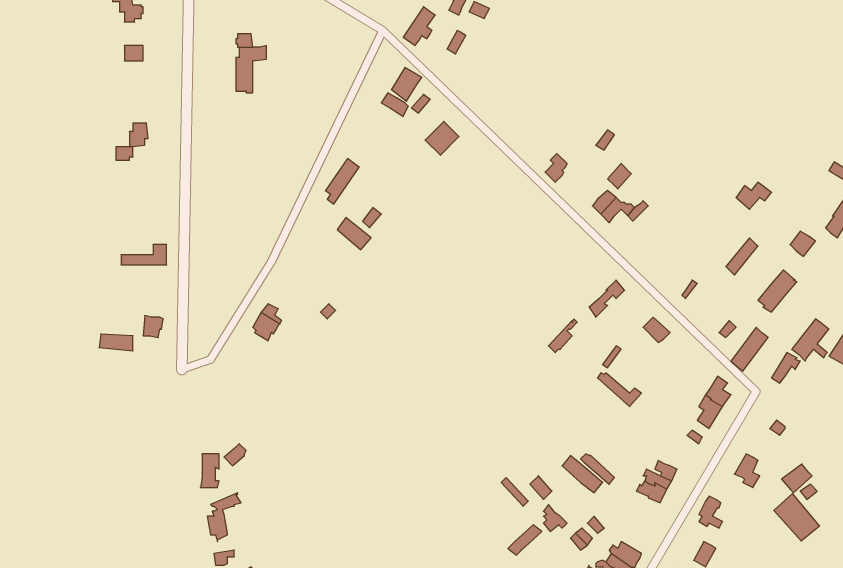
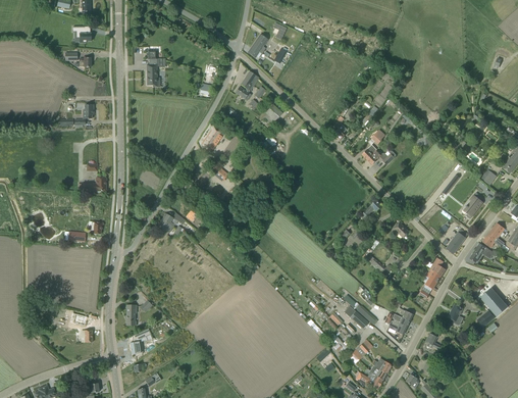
building: [774,494,820,541] -> [480,287,508,315]

